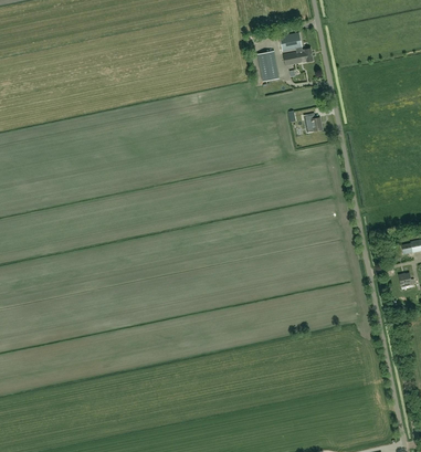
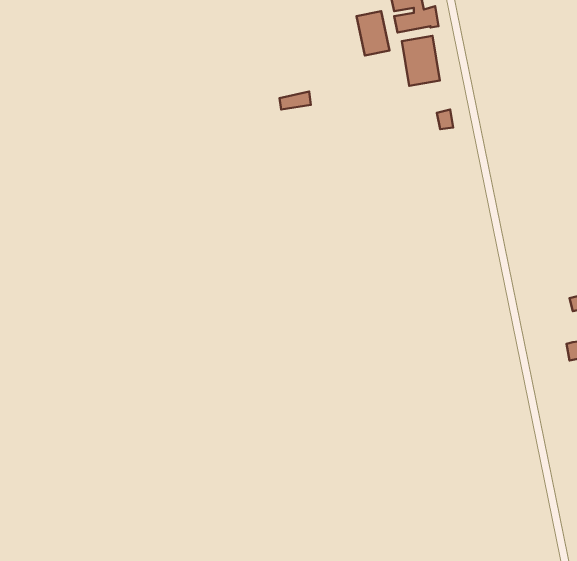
building: none -> [402,36,440,86]

